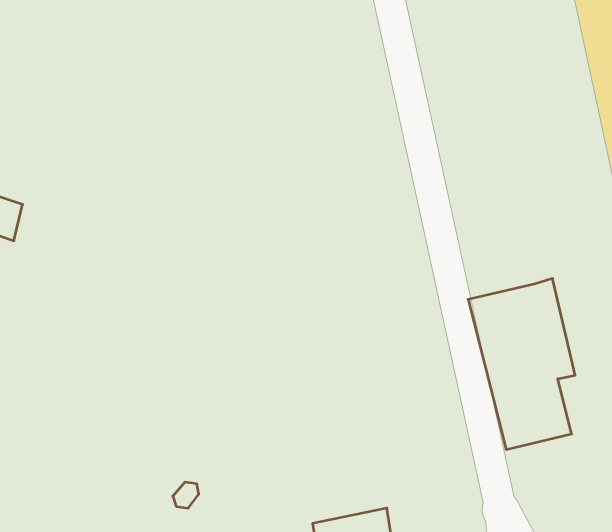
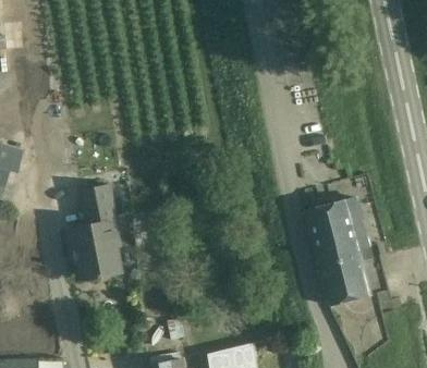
building: none -> [66,185,122,281]

